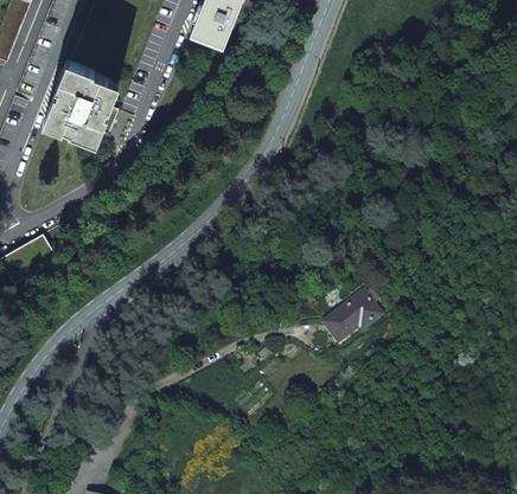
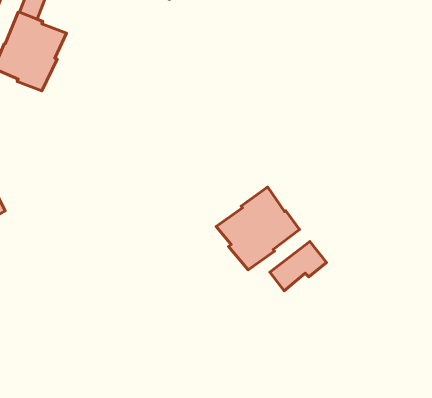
building: none -> [216,187,300,270]

